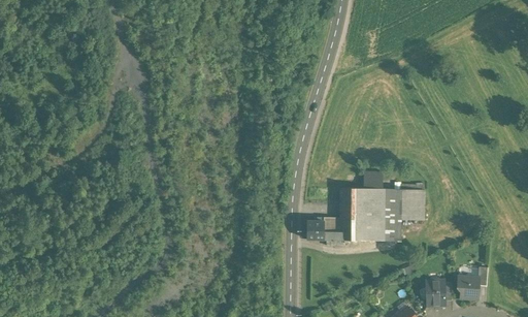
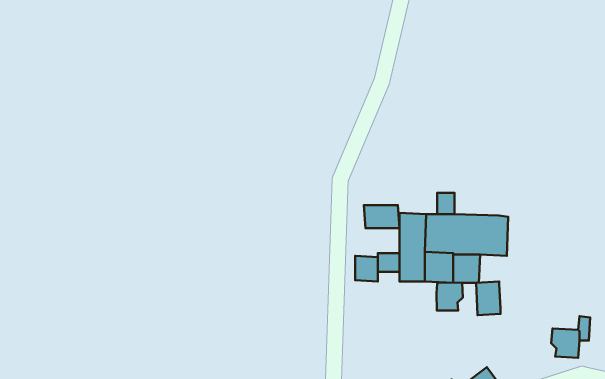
building: none -> [364,205,399,228]
building: none -> [437,283,463,310]
building: [426,280,444,306] -> [476,282,500,315]

